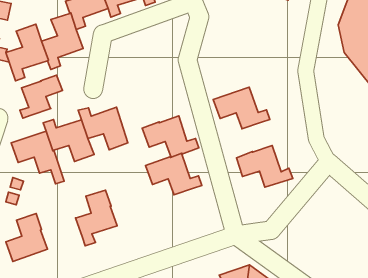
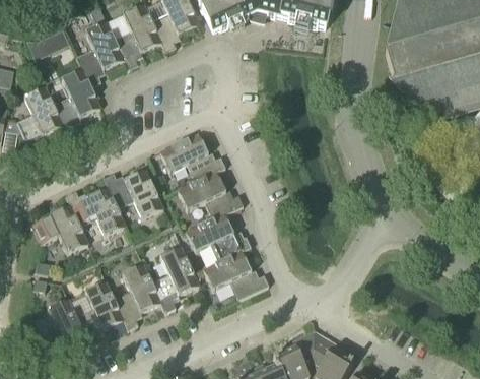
building: [20,75,62,118] -> none
building: [213,87,270,129] -> [159,134,225,182]
building: [236,145,293,187] -> [203,251,269,299]
building: none -> [150,246,198,312]
building: none -> [75,281,123,346]

